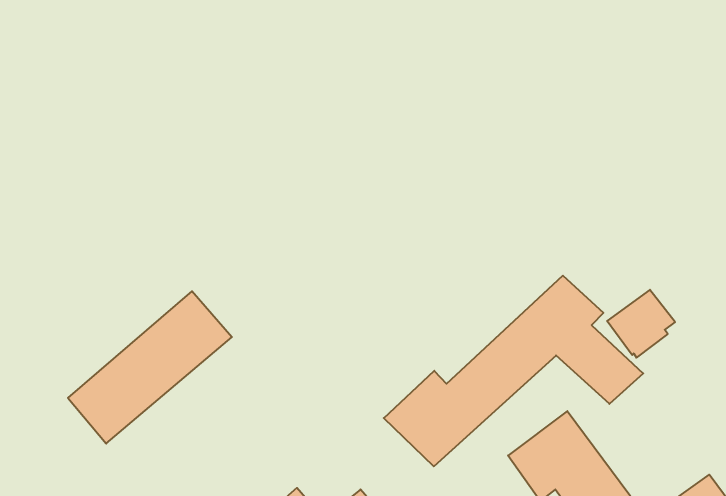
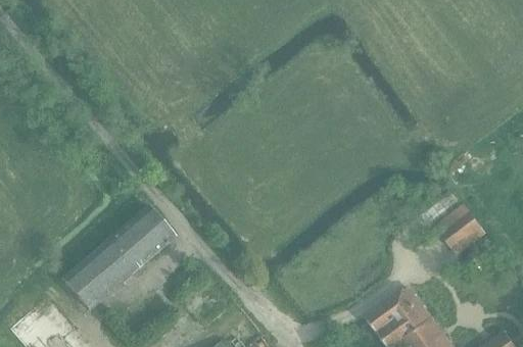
building: [384,276,643,466] -> none

